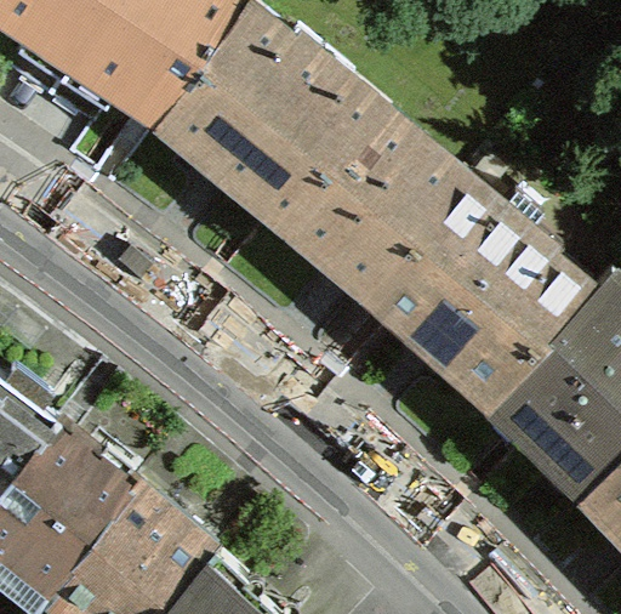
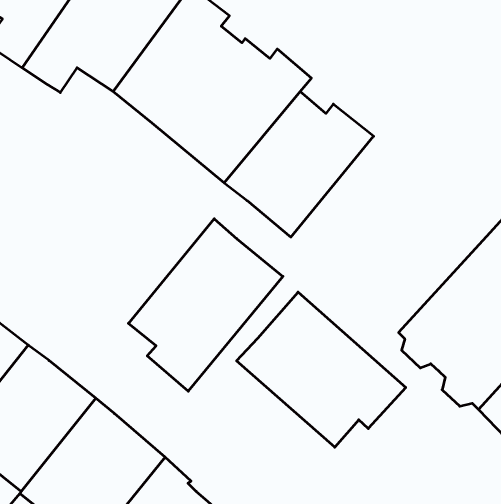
building: [359,170,592,404] -> none
building: none -> [128,219,283,391]
building: none -> [237,292,406,447]

